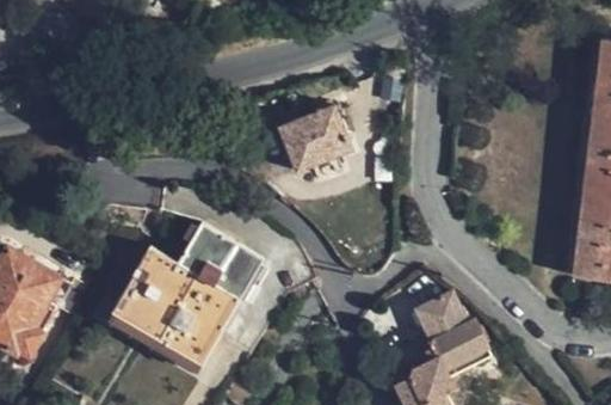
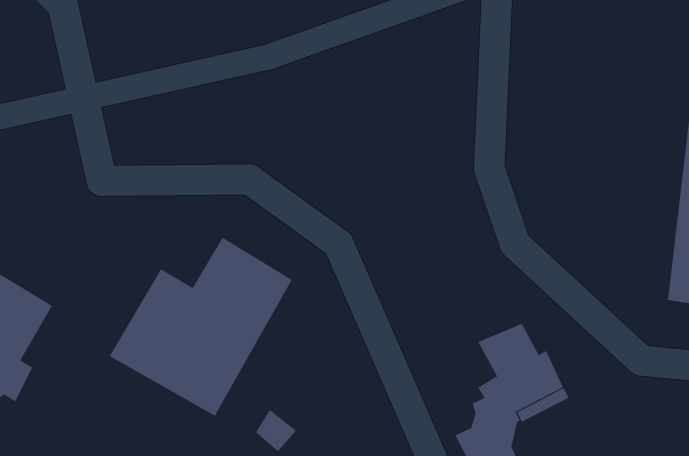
building: [279,105,352,170] -> none

